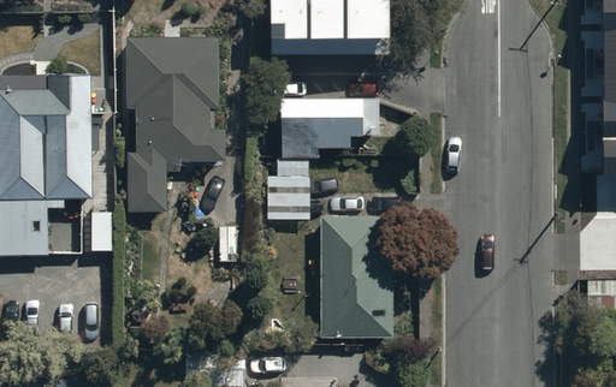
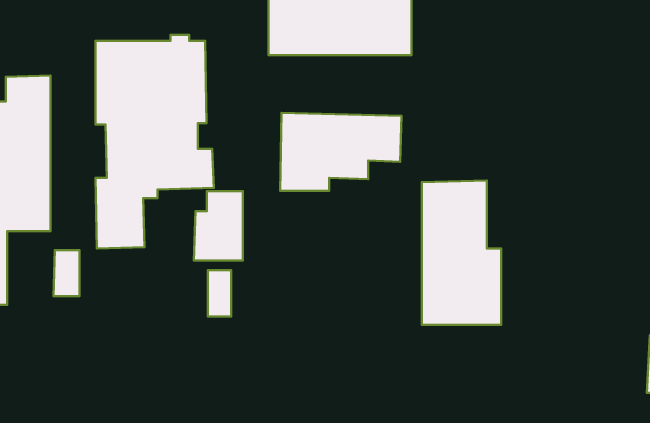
building: [267,165,308,222] -> [194,191,243,260]
building: [322,219,389,339] -> [422,181,501,325]

